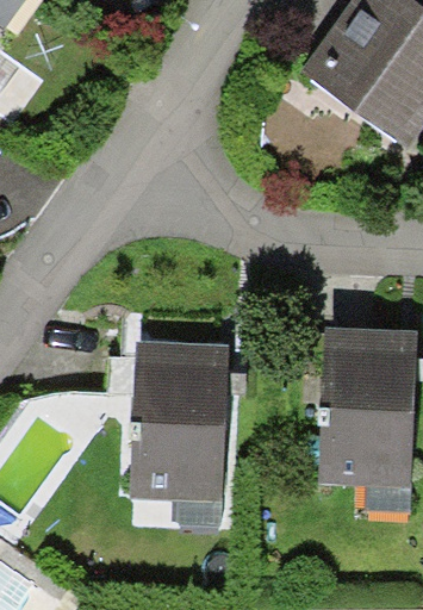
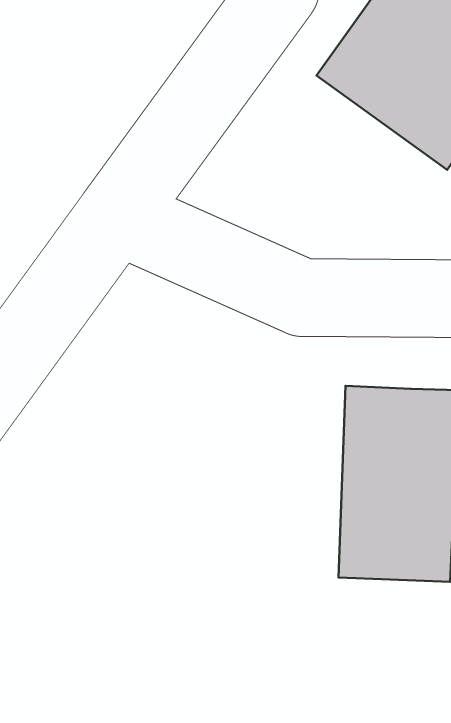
building: [129,341,228,502] -> none

